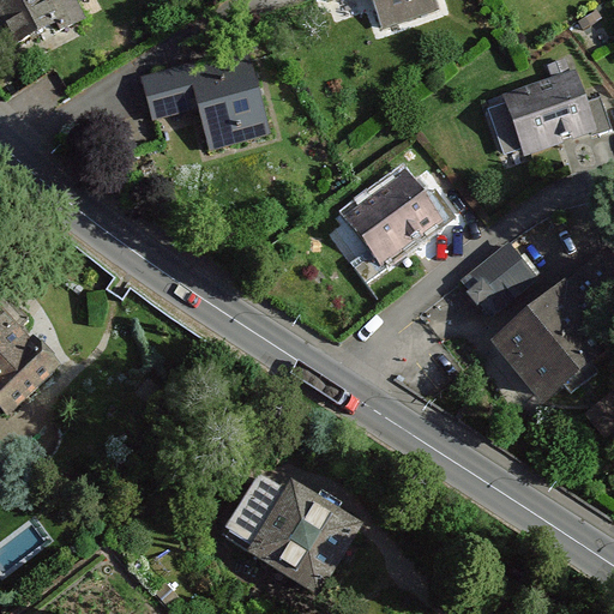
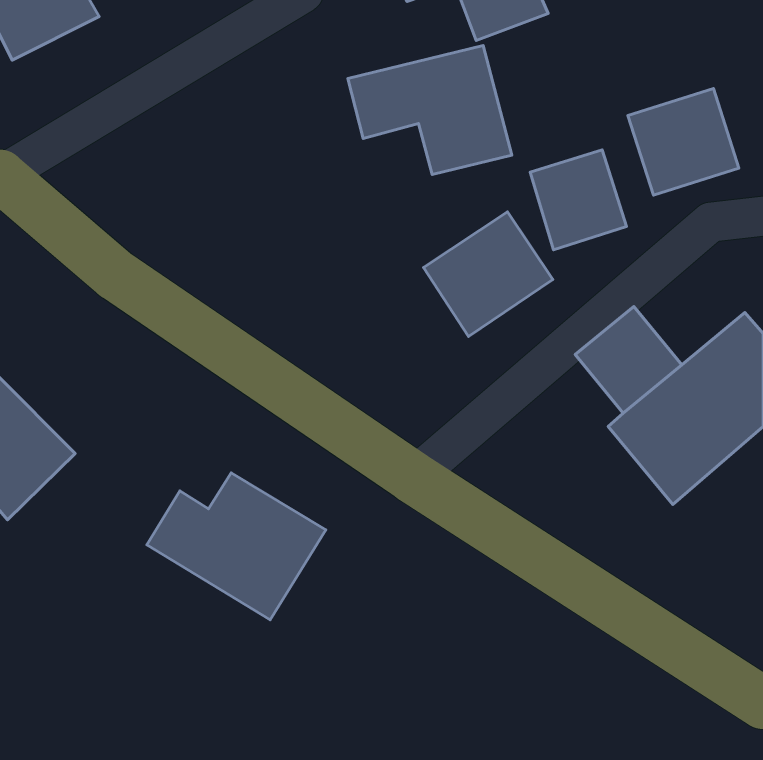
building: [139,49,270,152] -> [348,45,512,175]
building: none -> [530,150,626,250]
building: [219,474,362,591] -> [147,473,326,620]

